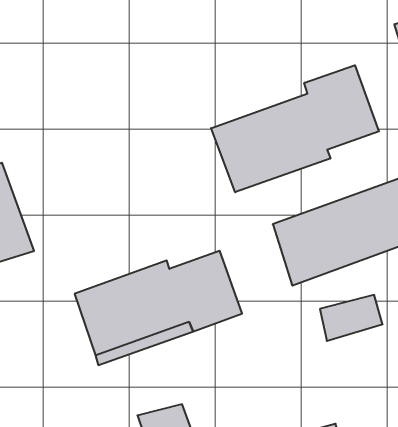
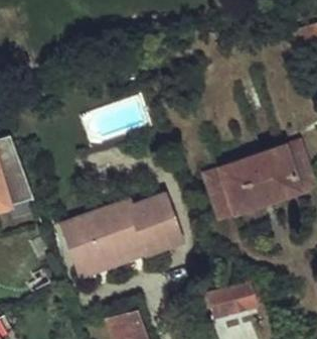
building: [211,65,379,192] -> none
building: [320,295,383,341] -> [211,284,257,317]

